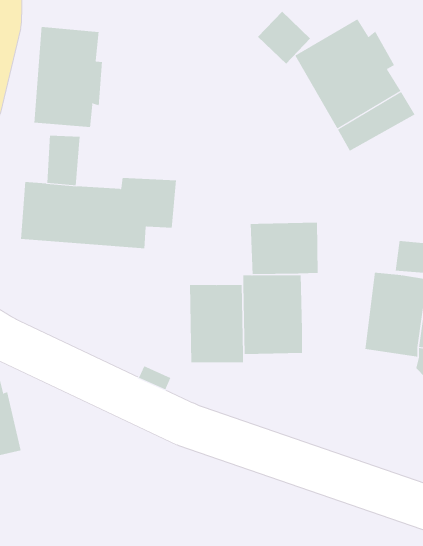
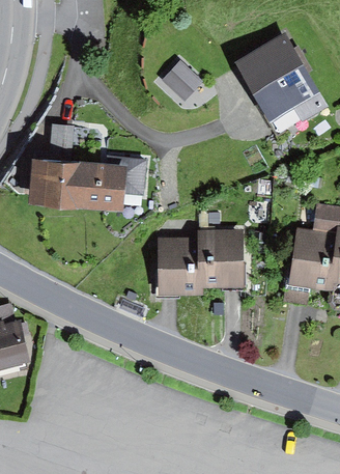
building: [257,11,311,64] -> [163,62,203,103]
building: [34,26,102,128] -> none
building: [250,222,318,275] -> none

